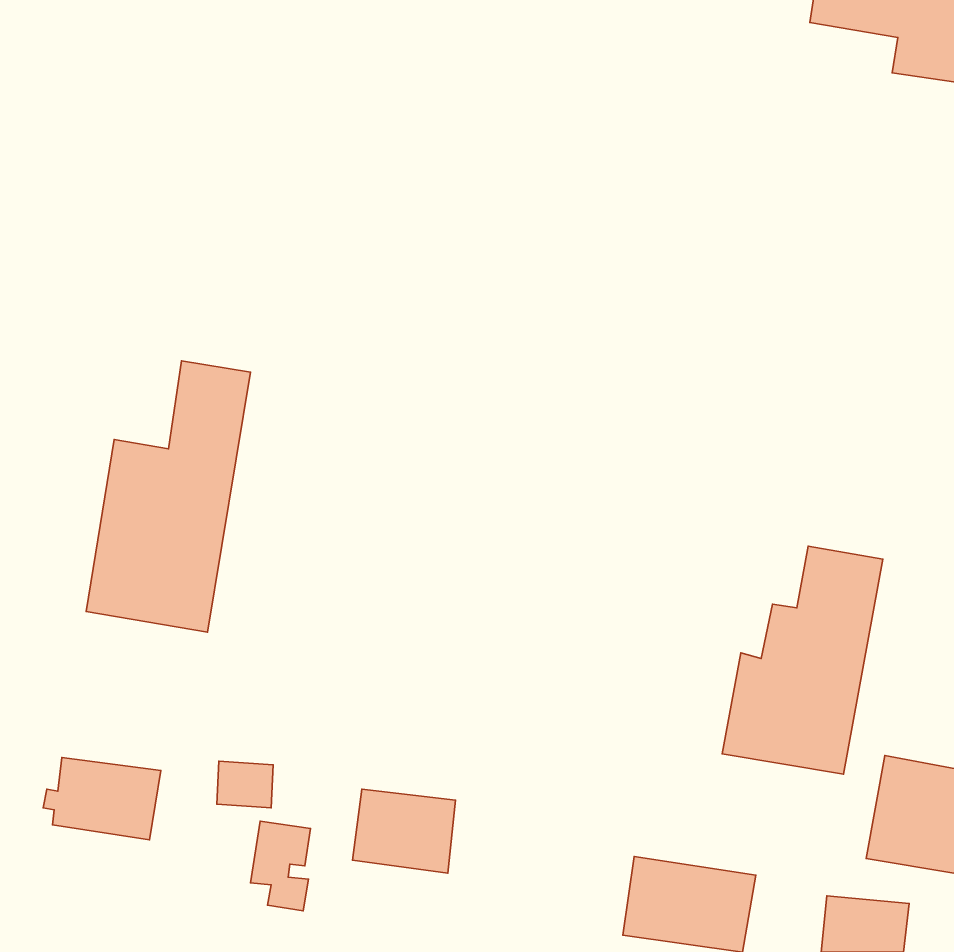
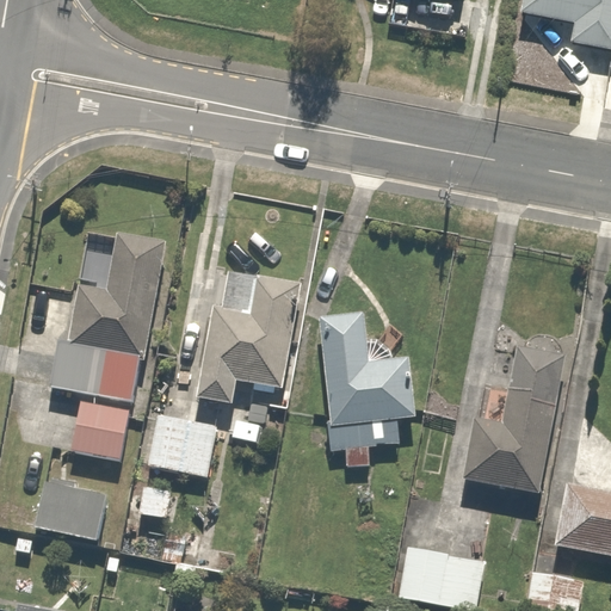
building: none -> [197,278,301,406]
building: none -> [320,315,416,468]
building: none -> [72,400,129,456]
building: [353,789,455,873] -> [150,416,216,470]

